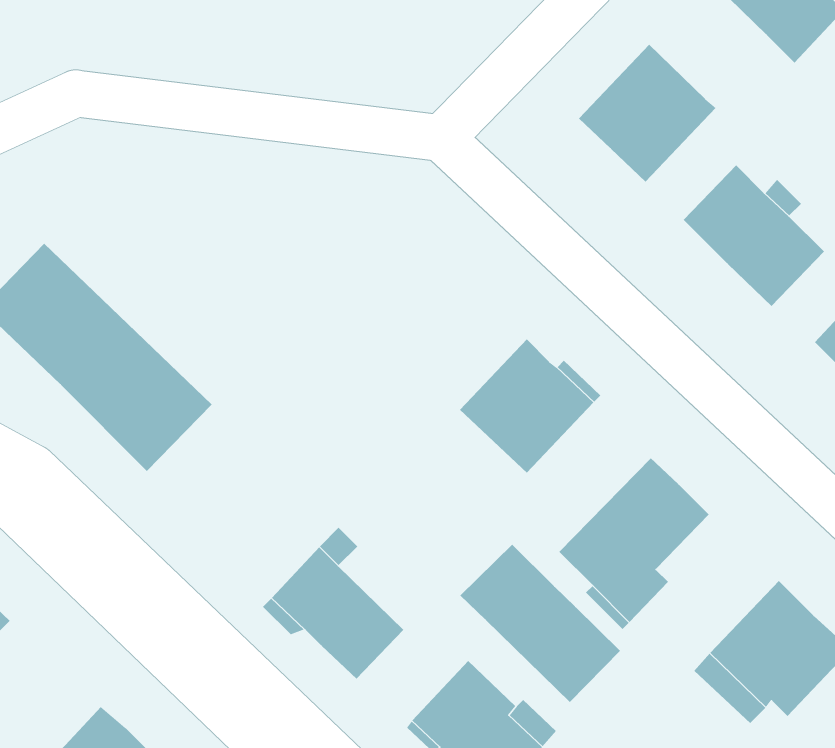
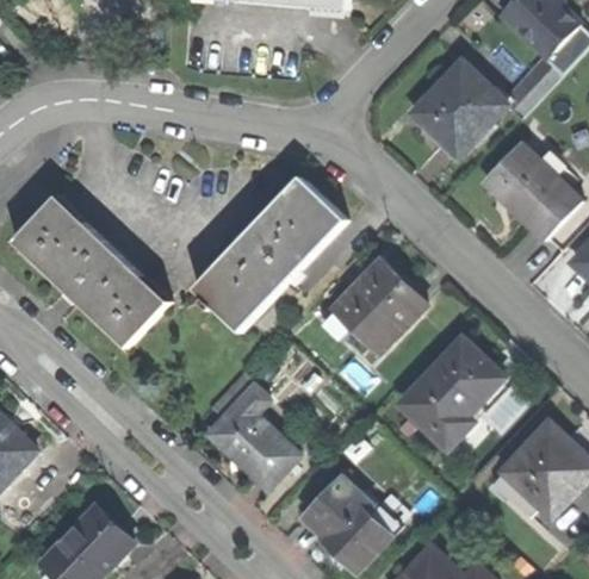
building: none -> [500,56,559,117]
building: none -> [193,176,347,329]
building: [459,544,621,703] -> none

